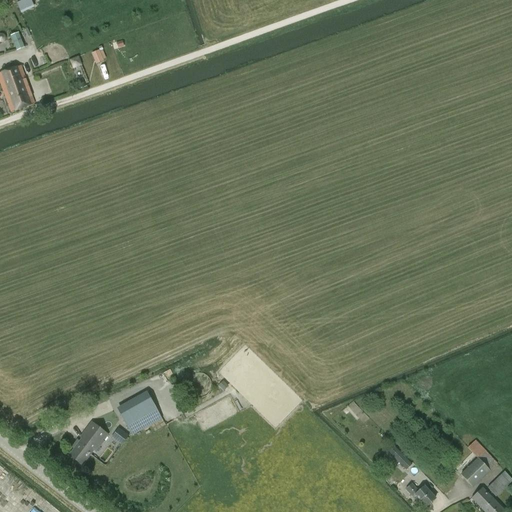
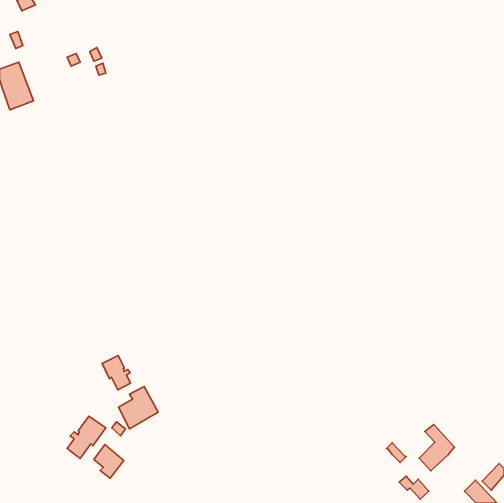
building: none -> [102,356,130,390]
building: [460,439,496,486] -> [419,425,455,471]
building: none -> [94,444,124,478]

